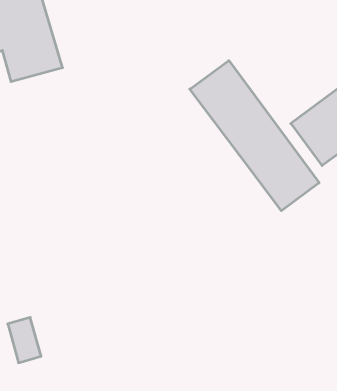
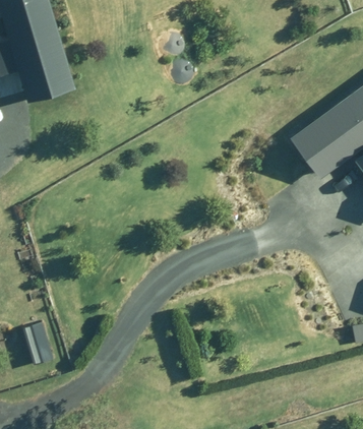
building: [190,61,319,211] -> none

